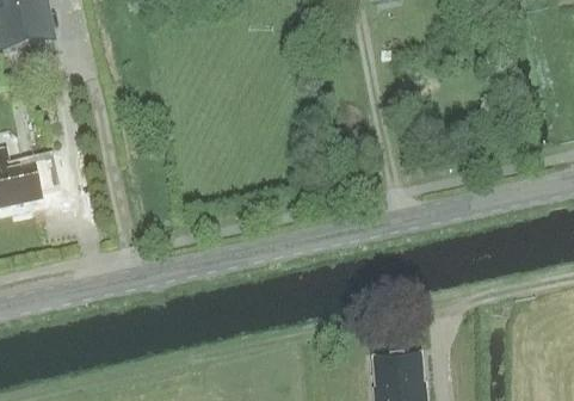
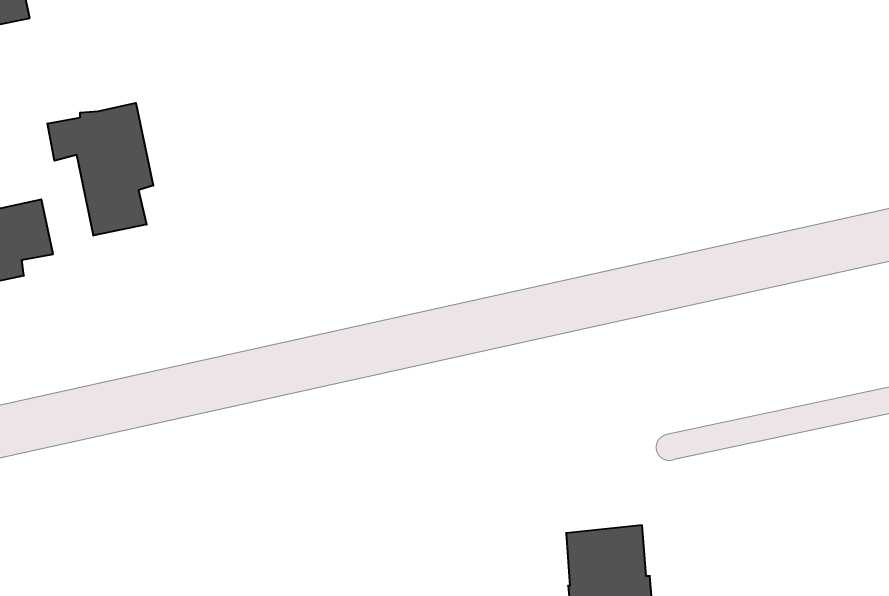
building: none -> [47,103,153,236]

